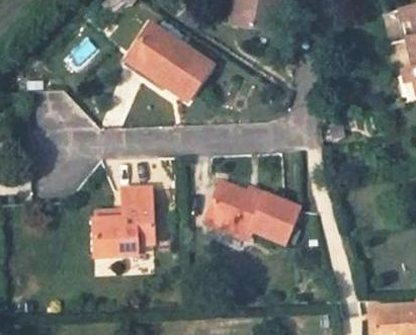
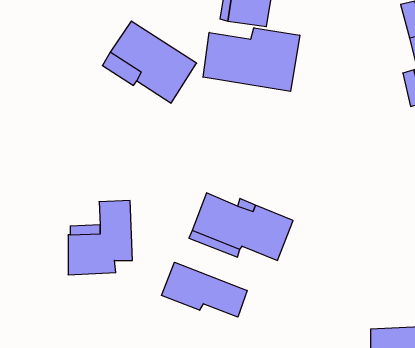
building: none -> [203,28,300,91]
building: none -> [161,262,247,317]

